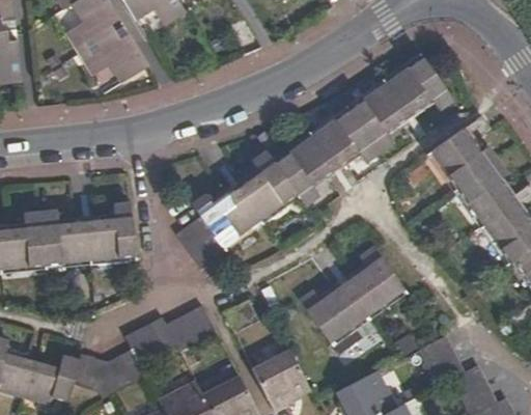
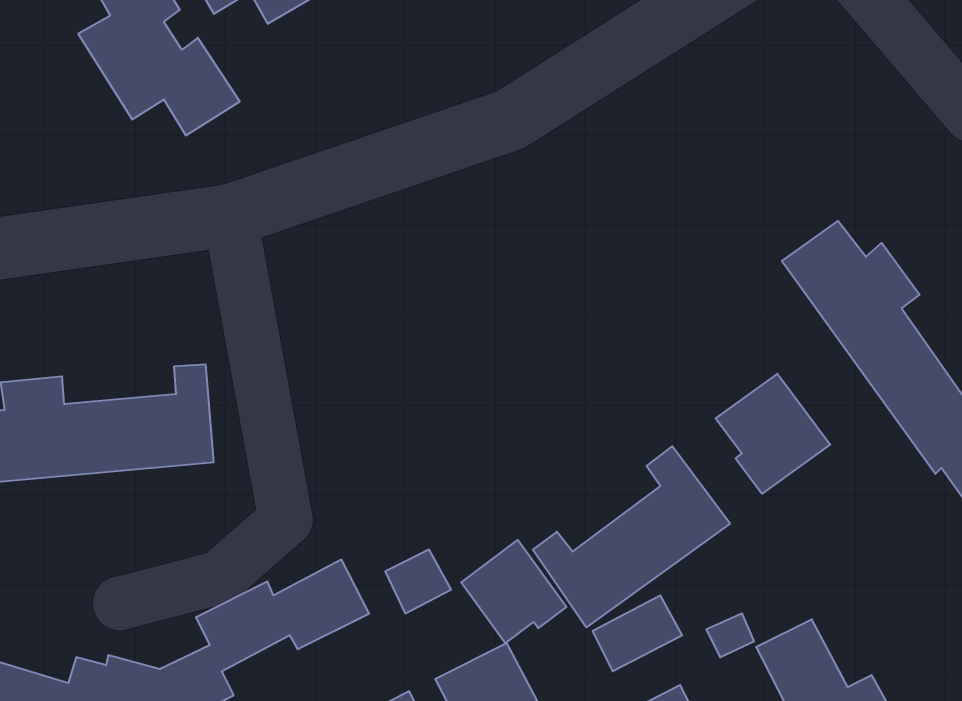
building: [175,59,451,267] -> none
building: none -> [716,374,830,494]
building: none -> [461,540,566,643]

